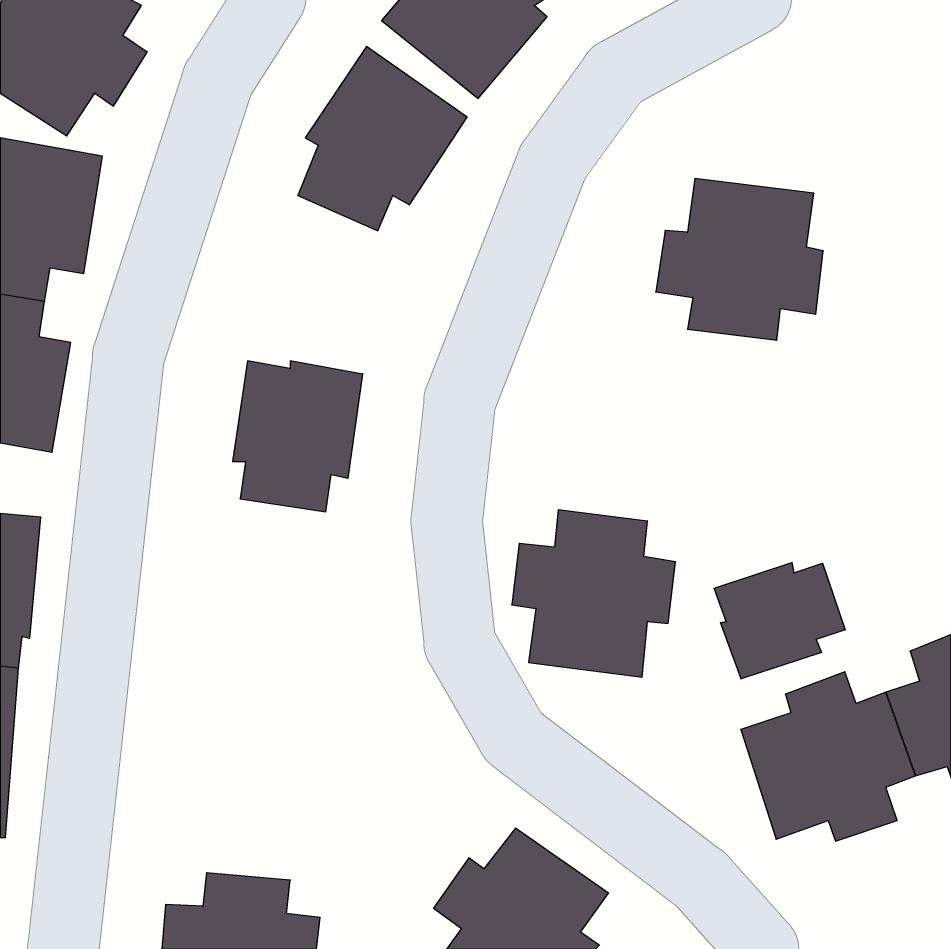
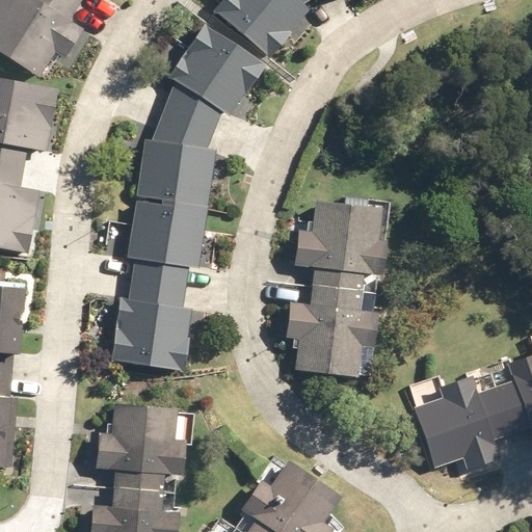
building: [656,178,823,340] -> [294,201,388,291]
building: none -> [138,109,211,209]
building: none -> [113,278,190,370]
building: [714,562,845,679] -> none
building: none -> [97,403,185,491]

